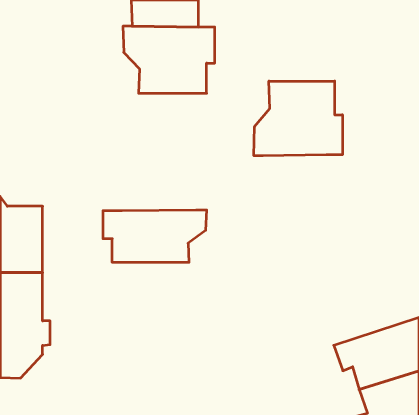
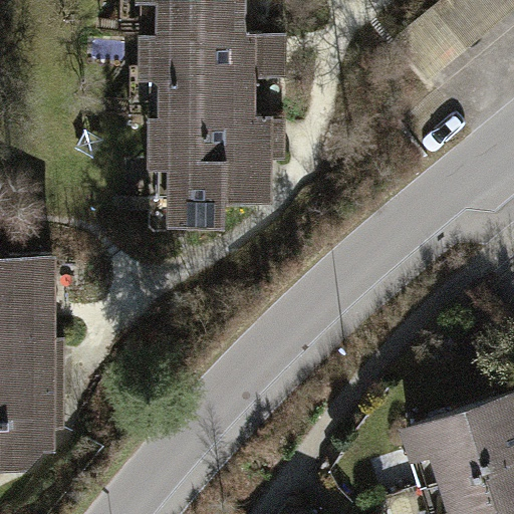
building: [254,81,342,156] -> none
building: none -> [160,118,263,219]
building: [103,210,207,262] -> none

